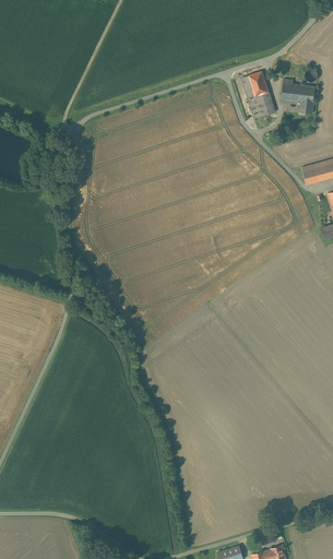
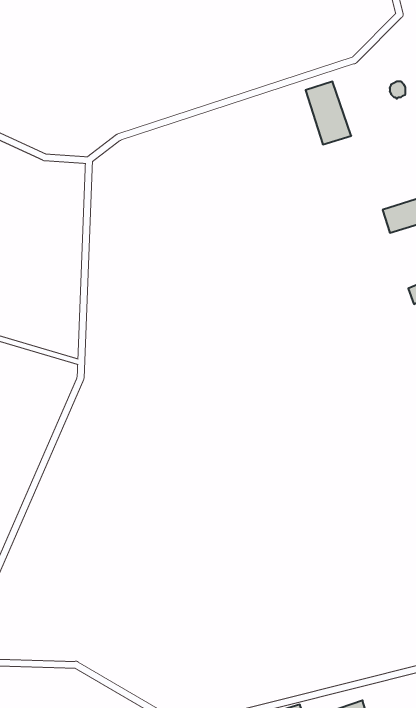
building: [282,79,317,117] -> none

